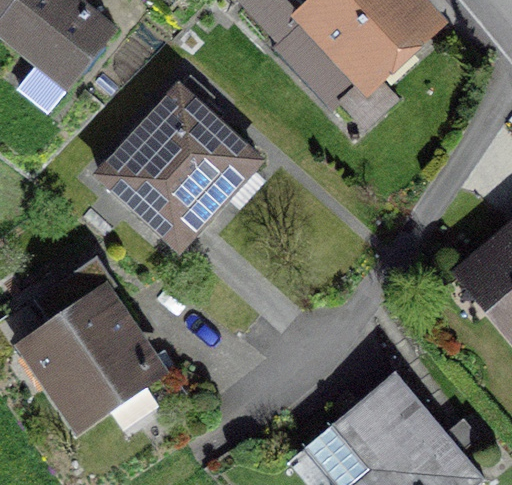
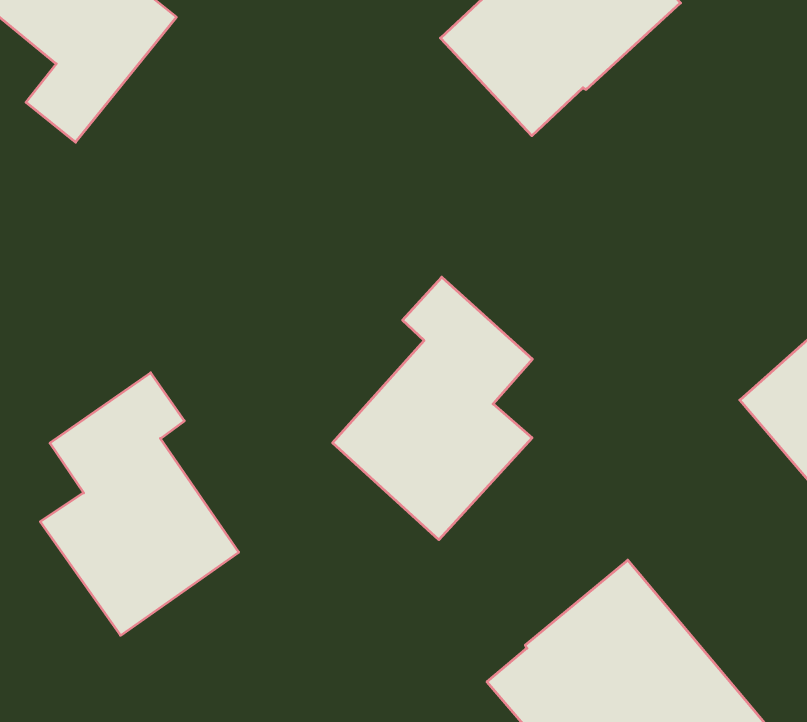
building: [100,77,250,248] -> none
building: none -> [333,277,532,540]

